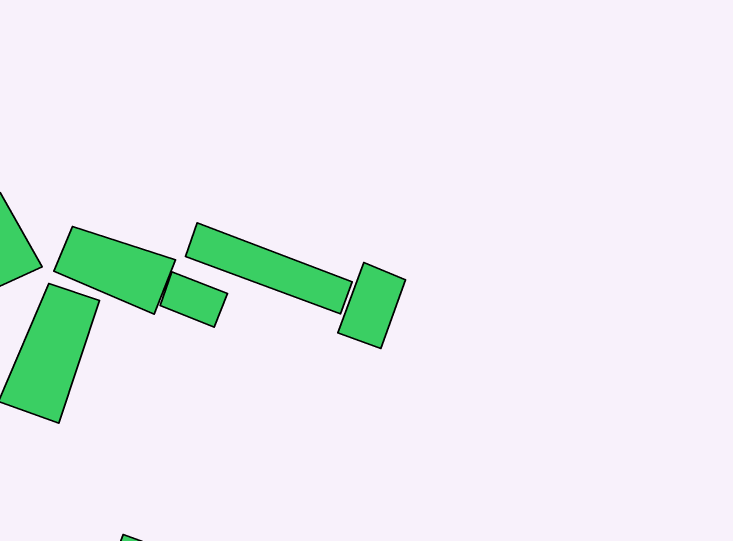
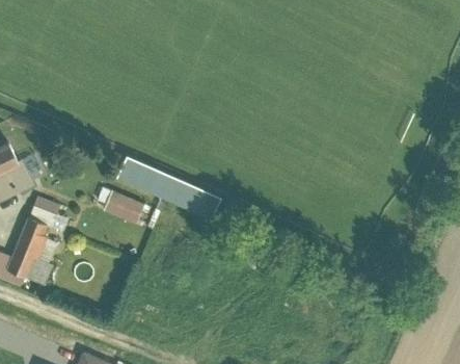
building: [54,227,176,314] -> none
building: [338,263,406,348] -> none

